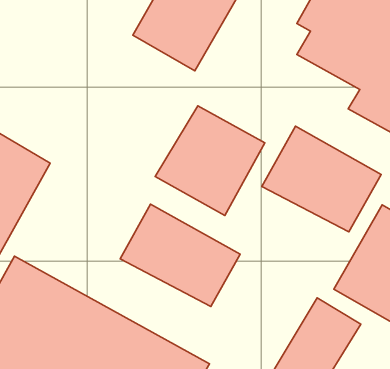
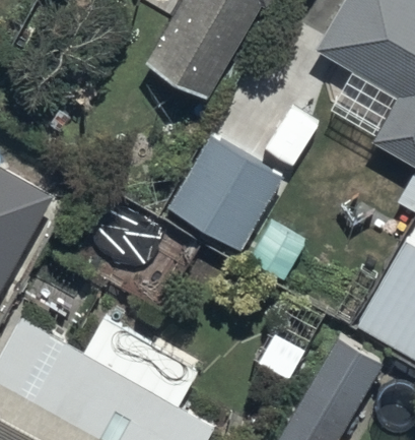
building: [262,126,381,232] -> none
building: [120,204,240,306] -> none

